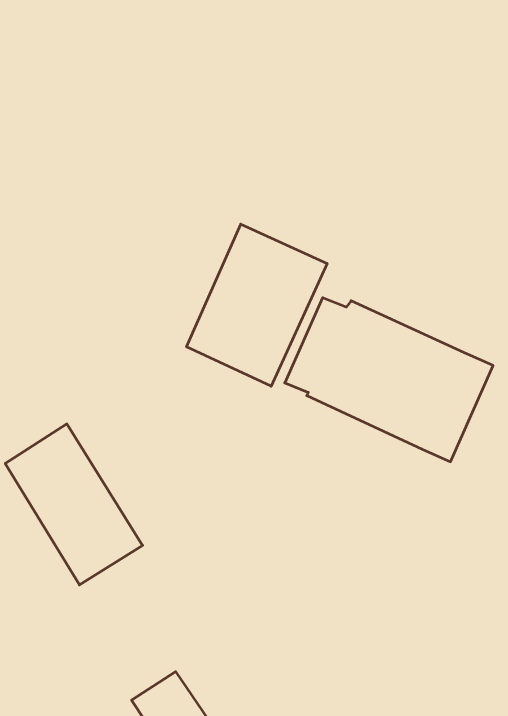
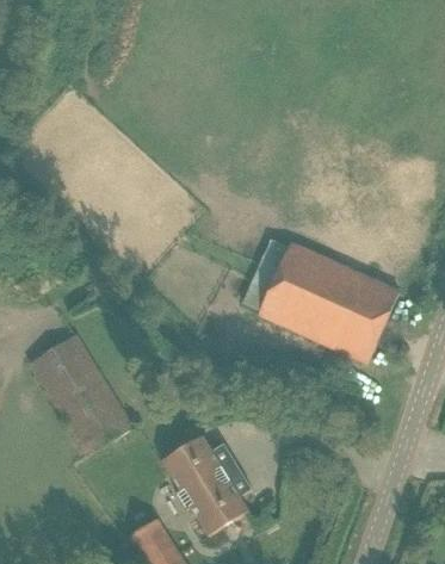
building: [187,224,327,386] -> none
building: none -> [160,435,252,537]

